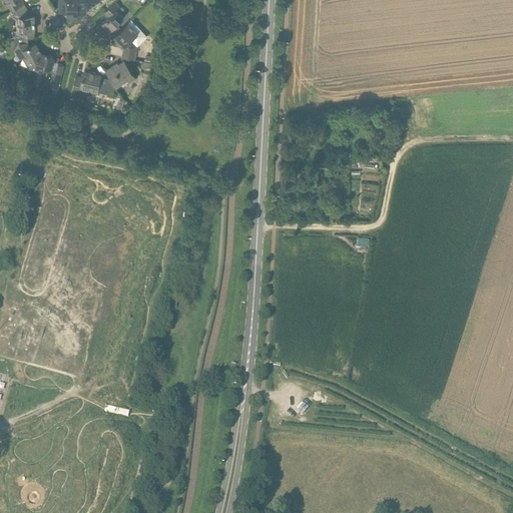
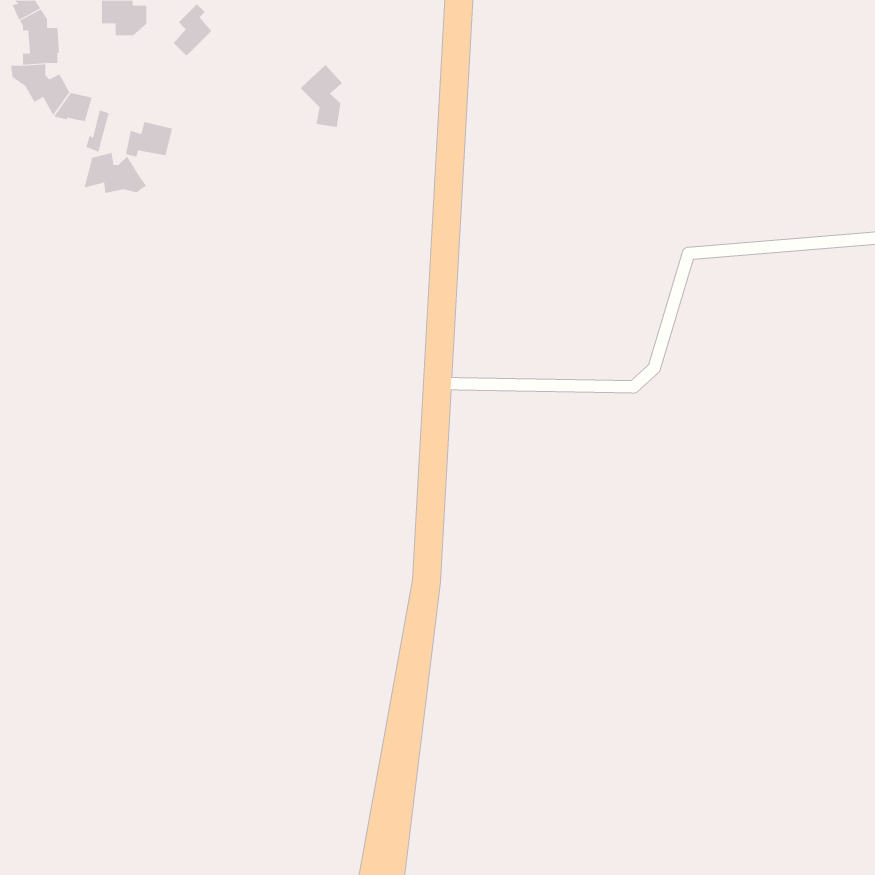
building: [113,23,138,60] -> [300,64,343,128]
building: [105,62,136,87] -> none
building: none -> [84,152,147,194]

